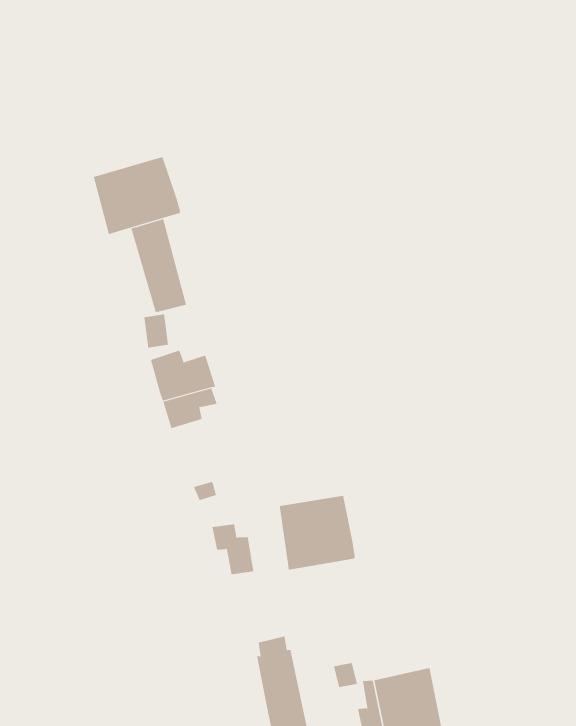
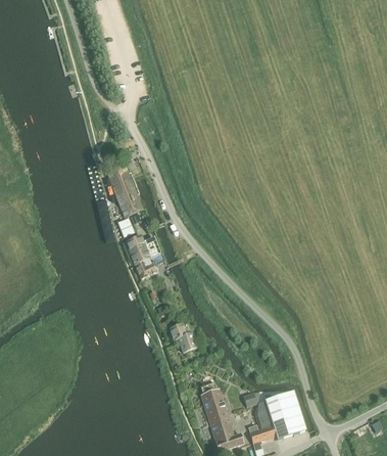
building: [93,156,181,235] -> none
building: [279,495,355,571] -> none

